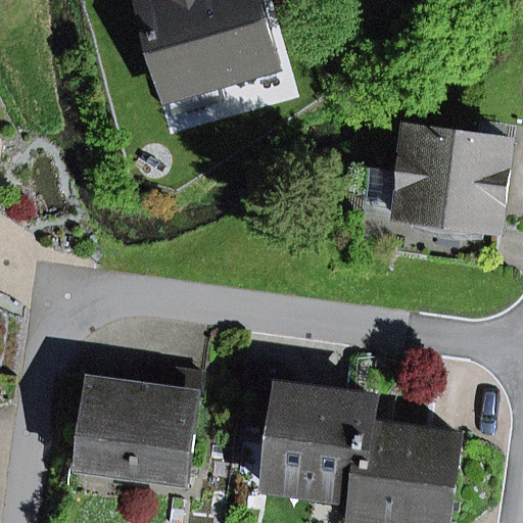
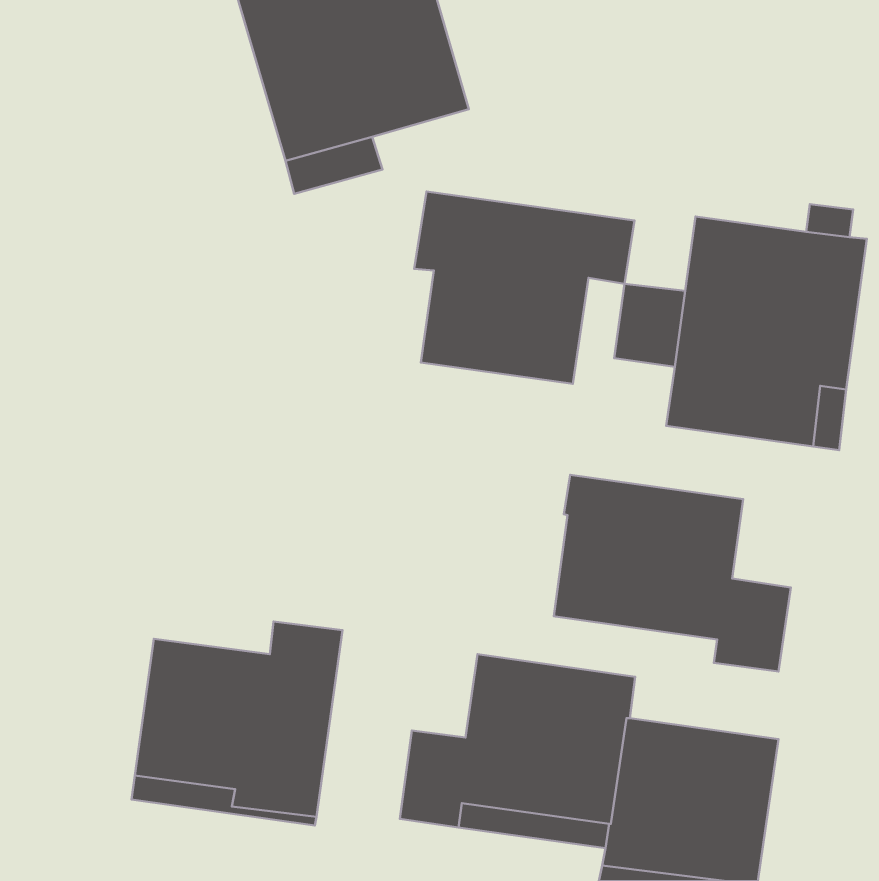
building: none -> [414,191,635,384]
building: none -> [554,475,791,672]

